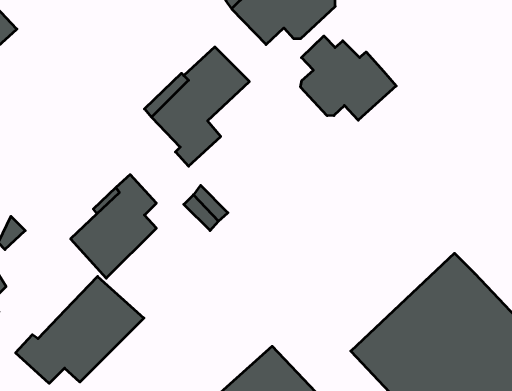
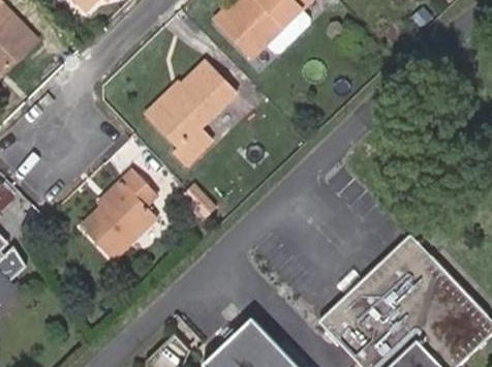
building: [301,36,396,120] -> none
building: [16,276,144,383] -> none

